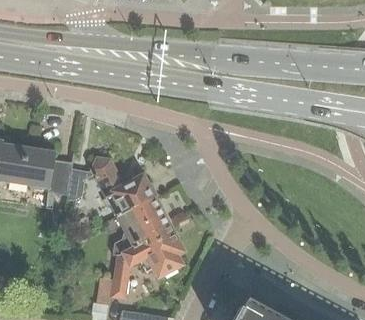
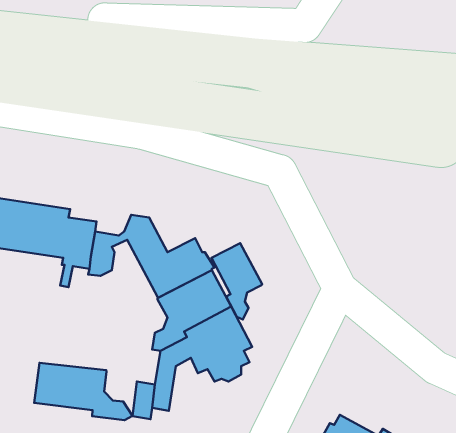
building: none -> [211,243,262,320]
building: none -> [34,363,133,420]

